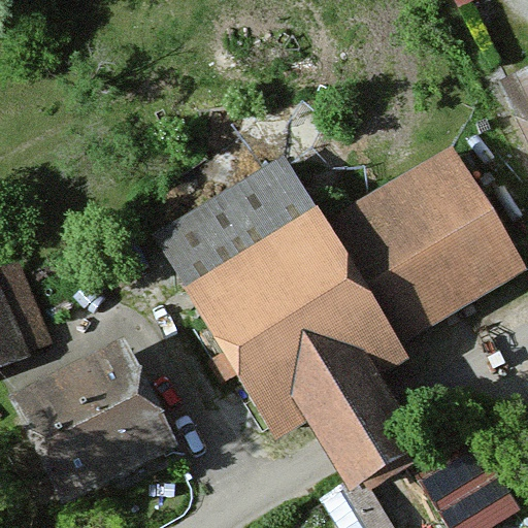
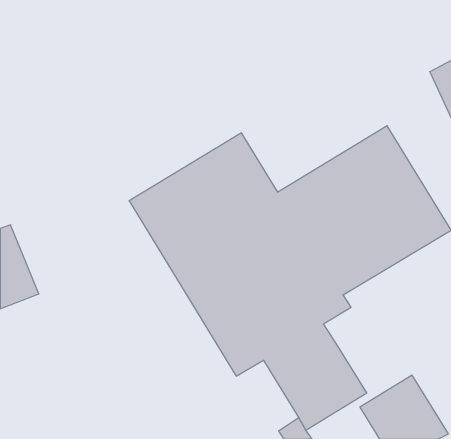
building: [14,344,172,499] -> none

